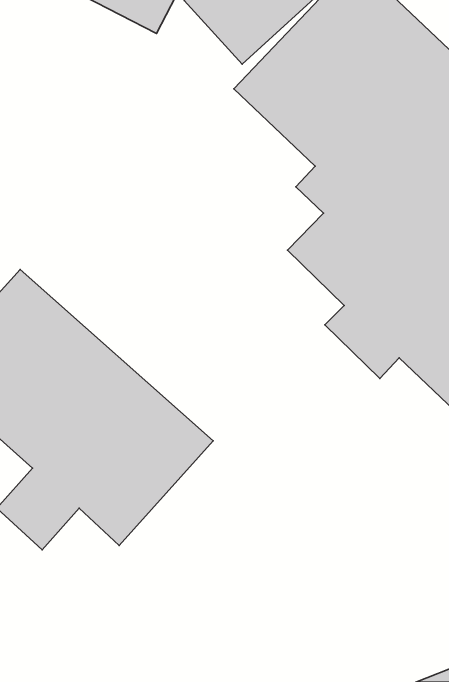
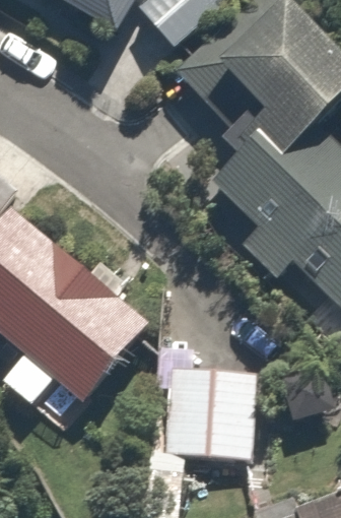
building: none -> [162,361,257,458]

